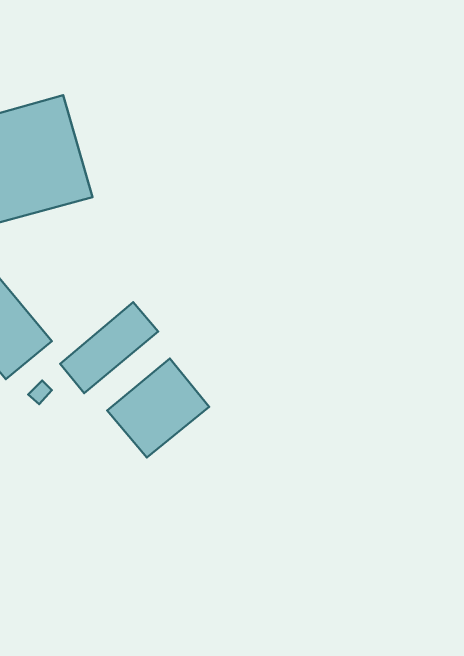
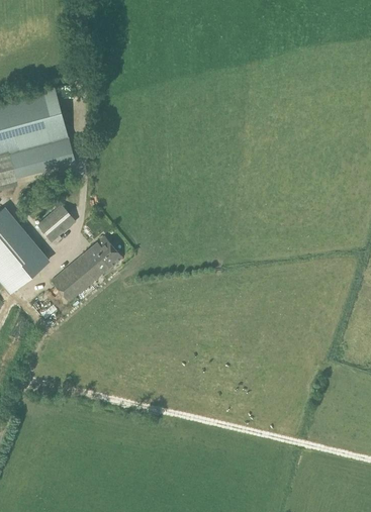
building: none -> [37,204,76,242]
building: [107,359,209,457] -> none

